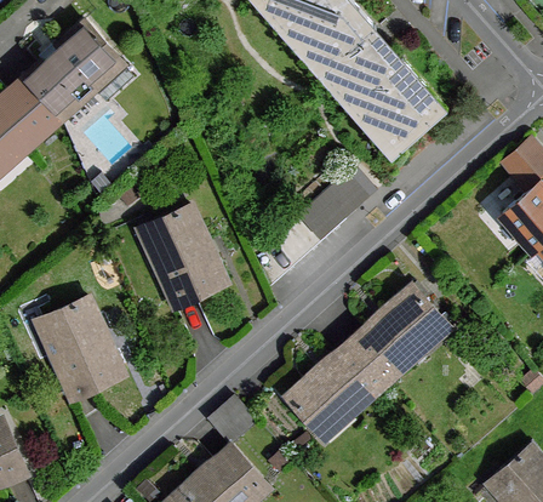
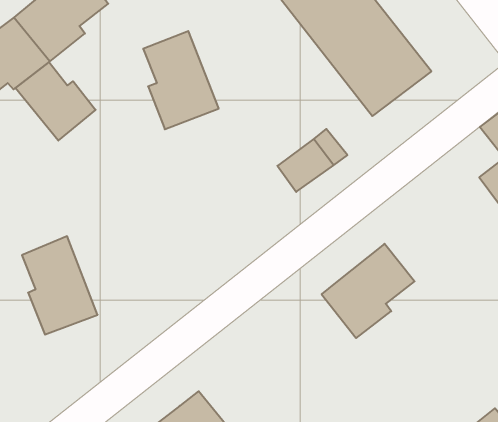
building: none -> [15,62,96,141]
building: [147,206,227,307] -> [143,31,219,129]
building: [287,341,387,432] -> none

